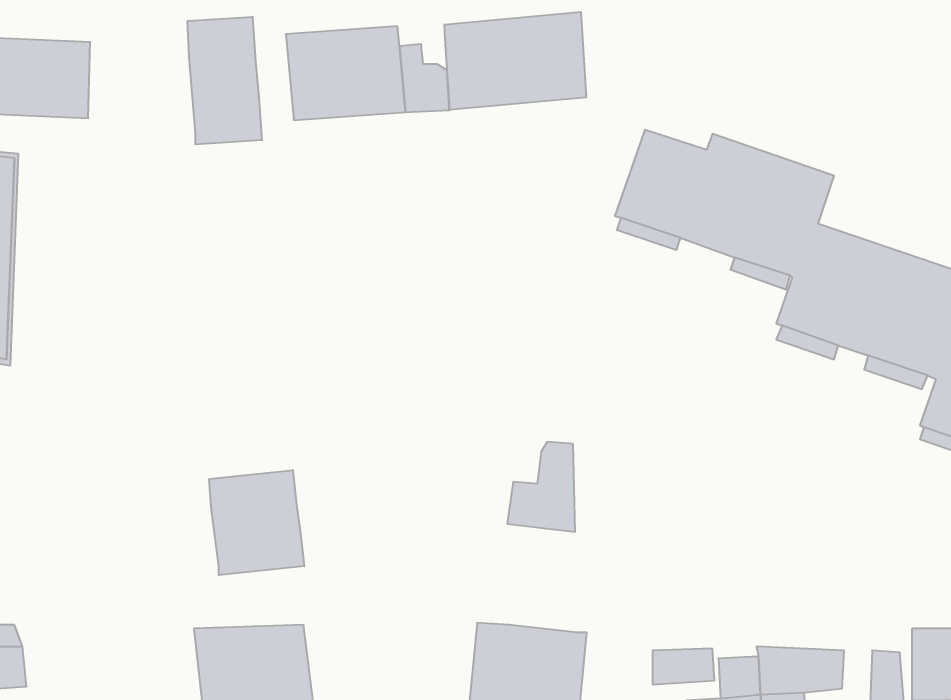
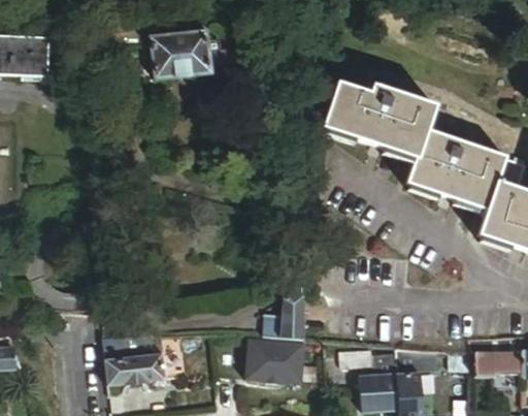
building: [444,12,586,110] -> none
building: [188,17,262,144] -> none
building: [507,442,575,532] -> [266,296,301,343]
building: [209,470,304,575] -> none

